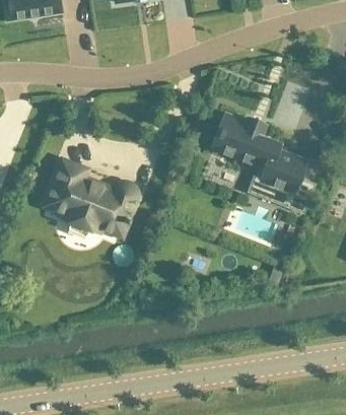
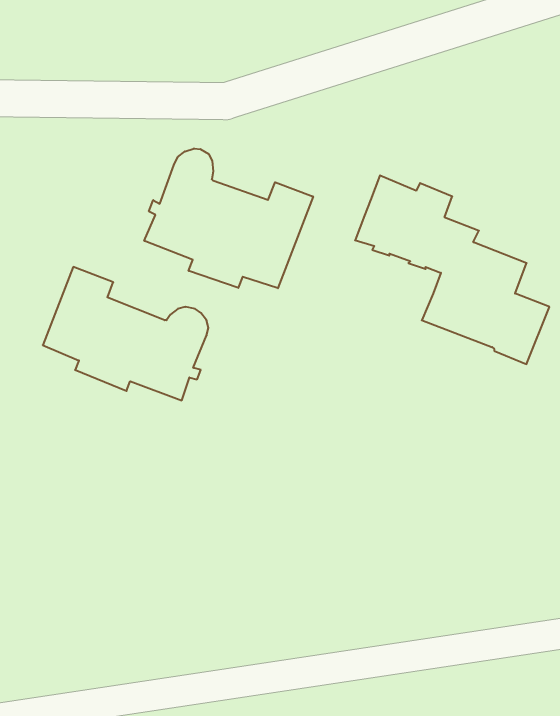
building: none -> [144,148,313,288]

